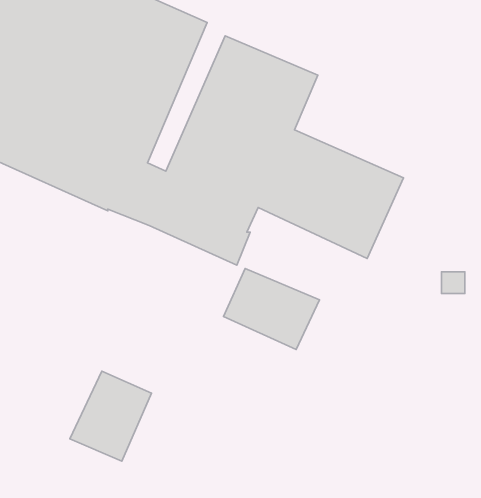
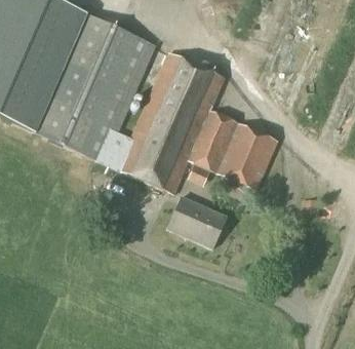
building: [70,371,151,461] -> none

